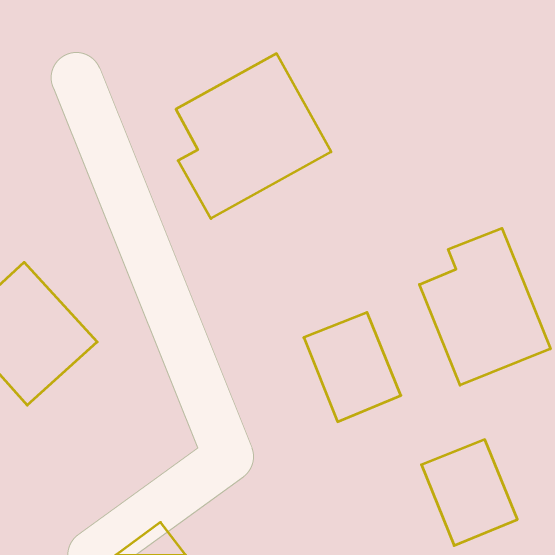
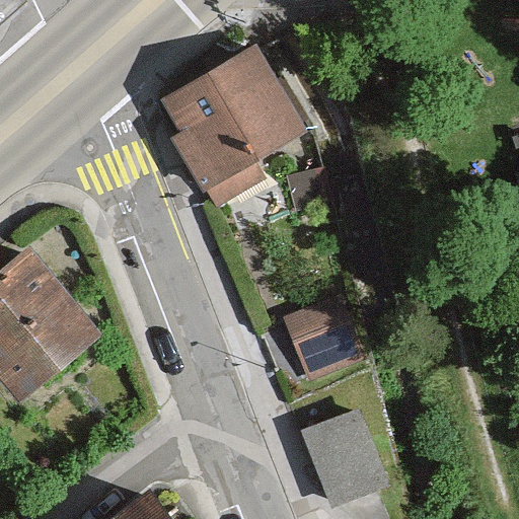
building: [419,228,550,385] -> none
building: [421,440,517,546] -> [303,413,392,511]

